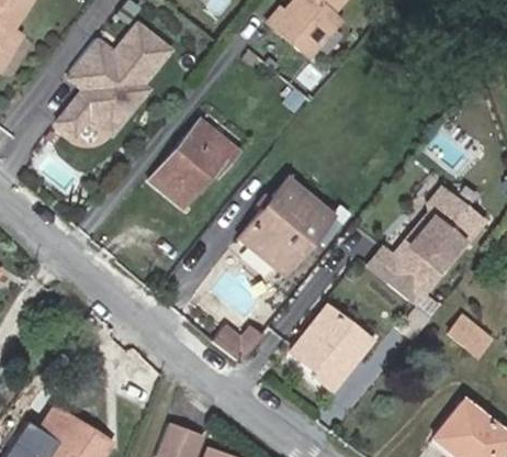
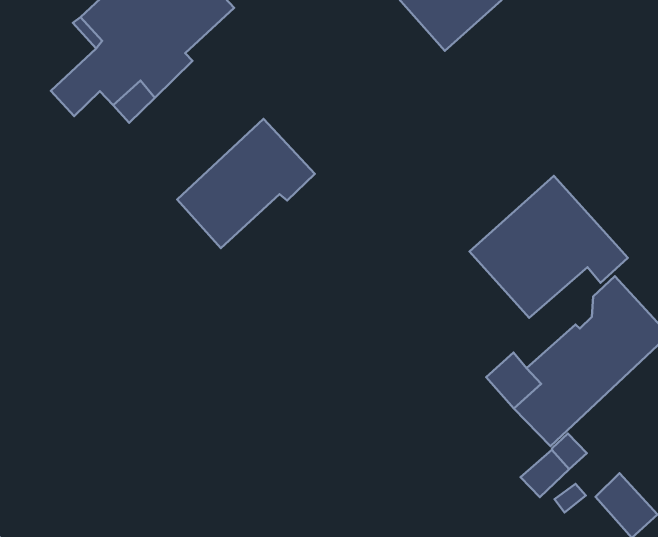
building: [239,178,342,272] -> [470,176,628,318]
building: [292,305,370,371] -> none
building: [212,324,263,363] -> none

